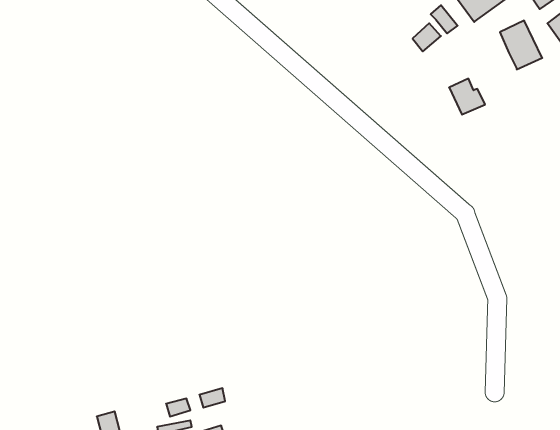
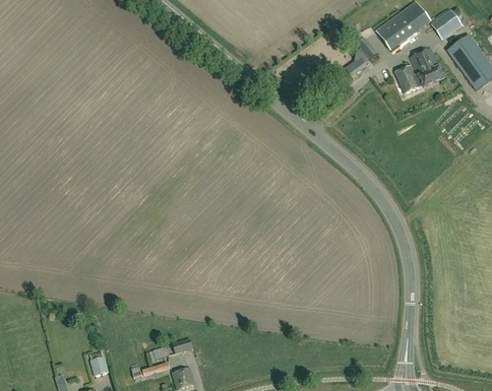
building: [449,79,485,115] -> [394,65,423,93]

